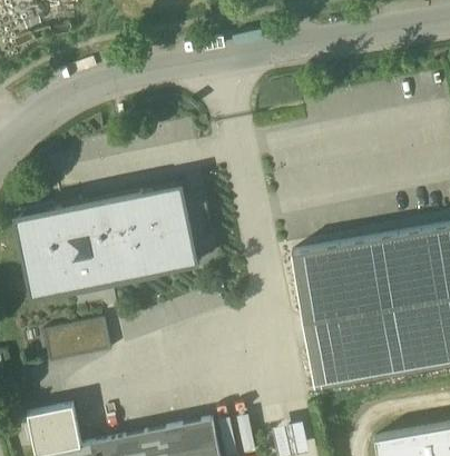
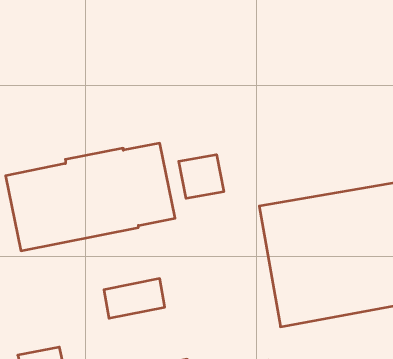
building: none -> [179,155,224,198]
building: [43,320,110,364] -> [104,279,165,318]

